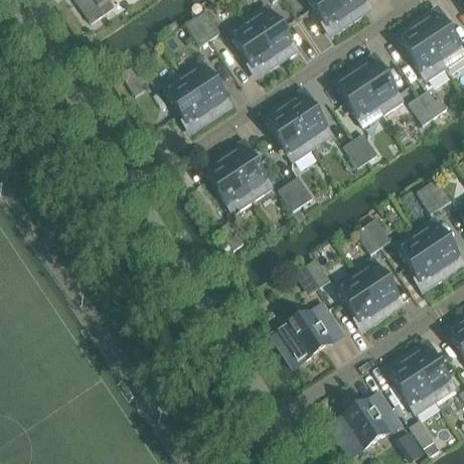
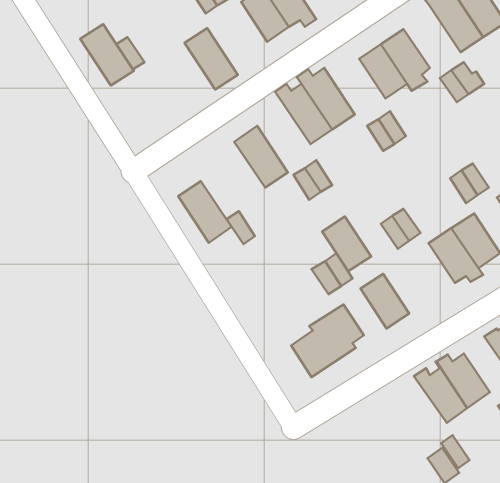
building: [162,71,209,126] -> [80,24,134,85]
building: [206,159,254,213] -> [178,181,231,243]
building: [358,263,402,311] -> [322,217,371,271]
building: [331,396,401,452] -> none

